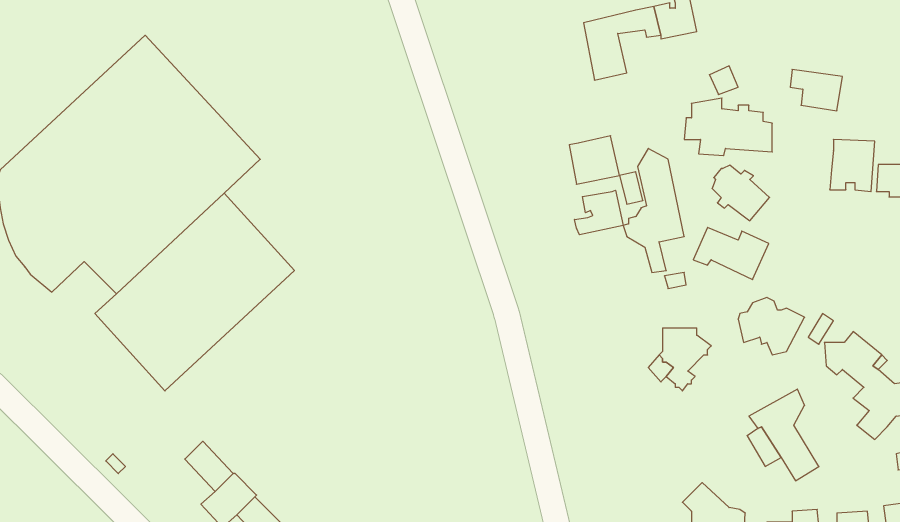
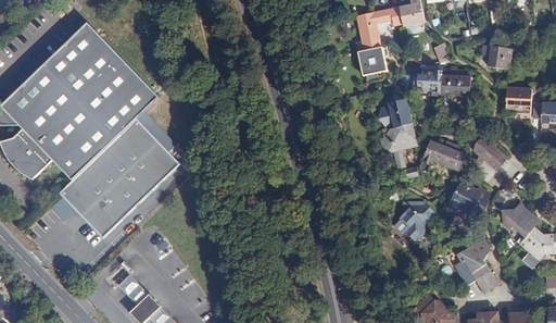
building: [569,136,620,184] -> [356,46,387,75]
building: [712,165,770,221] -> [472,136,507,170]
building: [575,190,623,235] -> none

